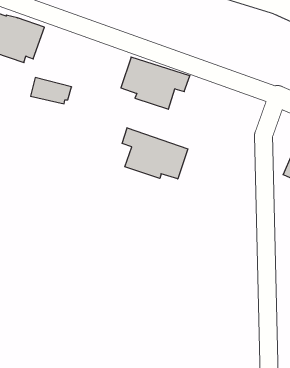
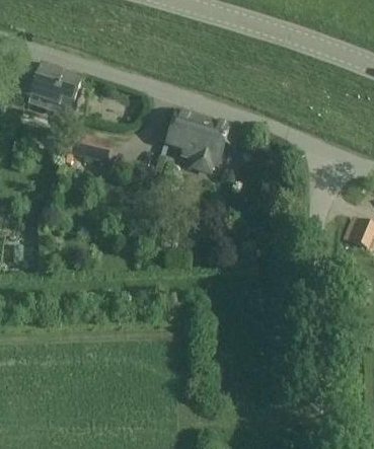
building: [122,128,188,179] -> none

